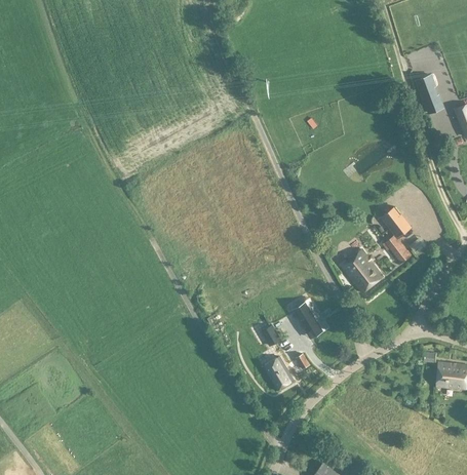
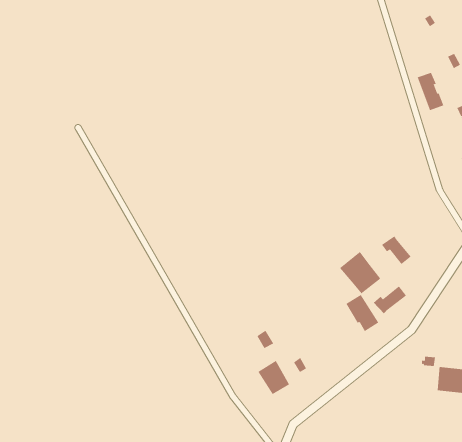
building: [381,206,410,237] -> none
building: none -> [373,286,407,314]
building: [293,300,325,337] -> [345,294,379,332]

